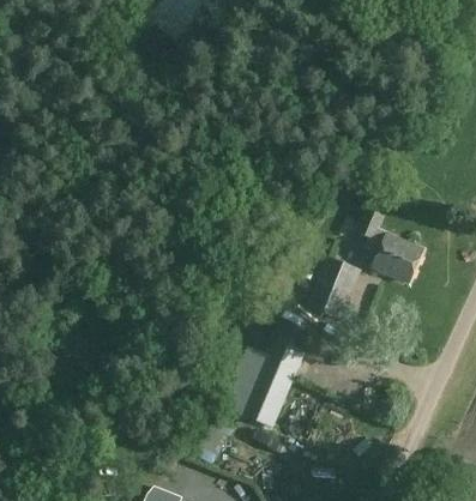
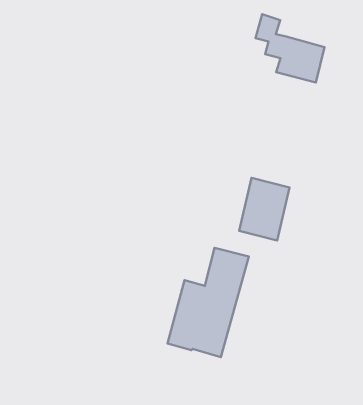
building: [356,209,422,283] -> [256,14,324,83]

